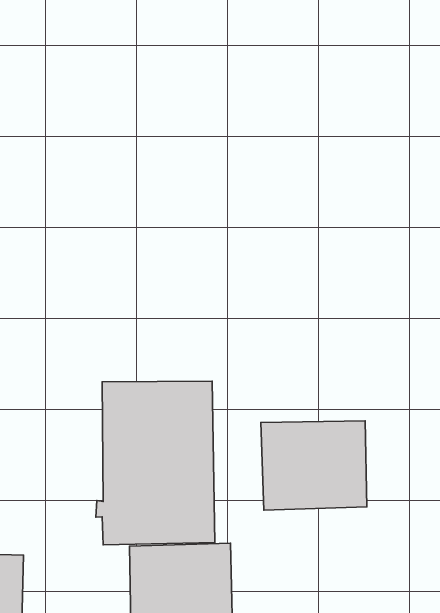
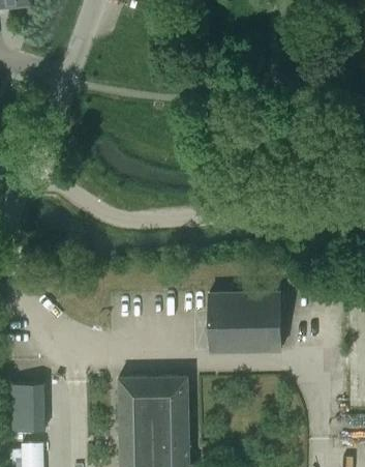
building: [96,381,215,545] -> none

